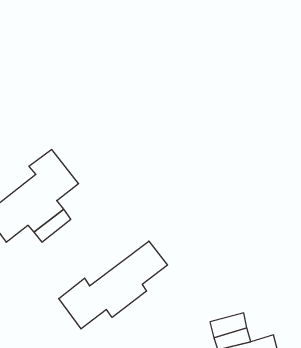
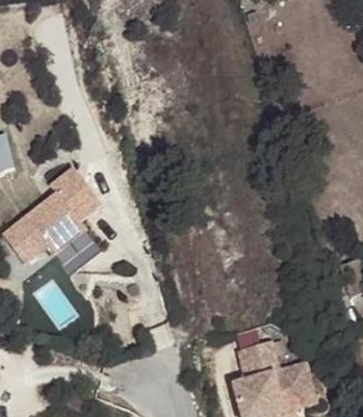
building: [59,241,168,329] -> none

